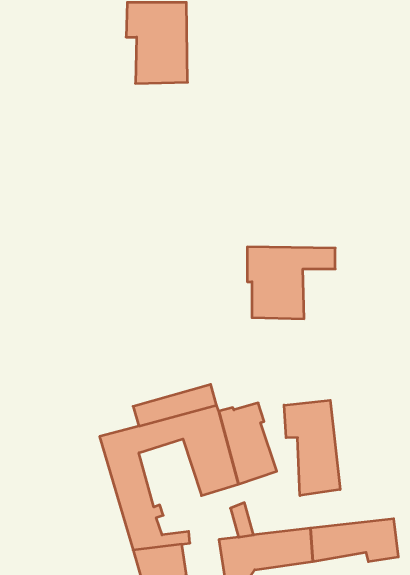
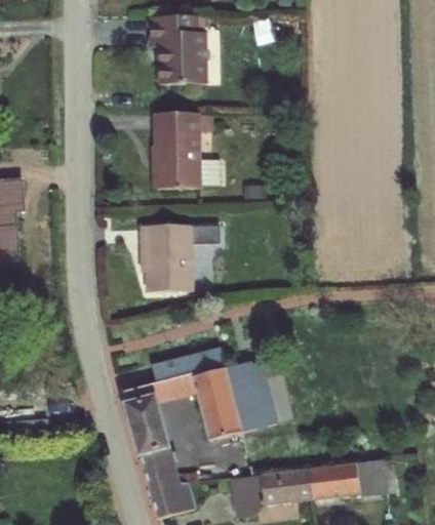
building: none -> [150,102,193,177]
building: [247,247,335,319] -> [135,217,213,281]
building: [284,400,340,496] -> none

